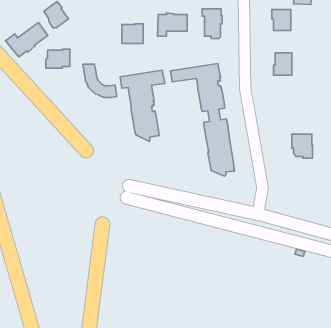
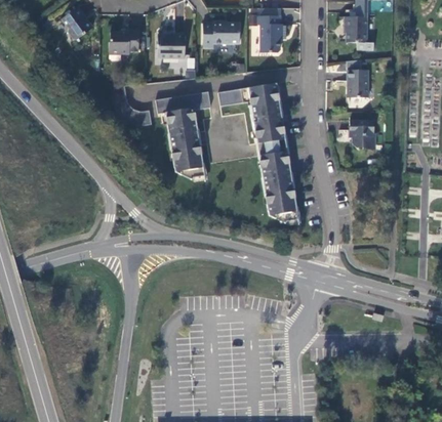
building: [6,23,48,57] -> none
building: [46,49,70,68] -> [109,29,138,52]
building: [292,134,313,158] -> [350,119,375,149]

